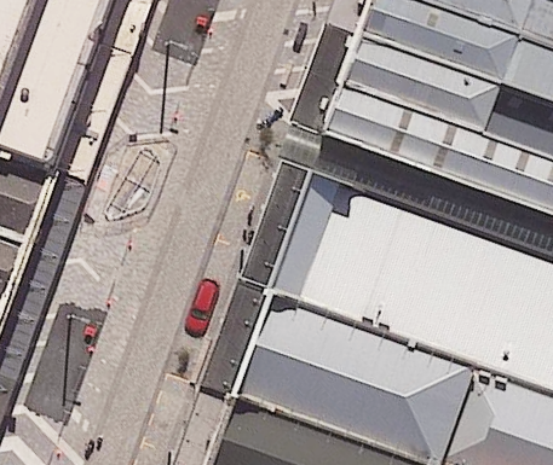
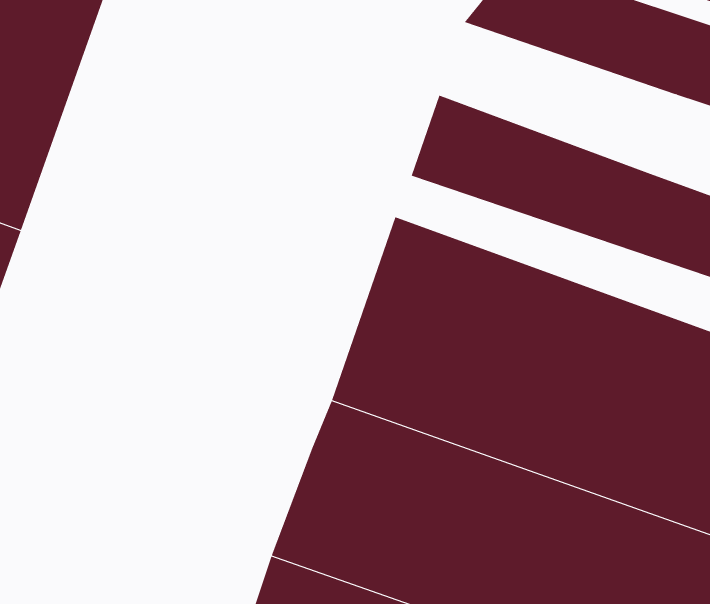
building: [340,31,502,134] -> none

